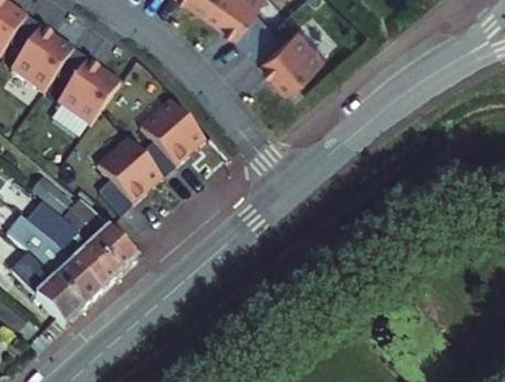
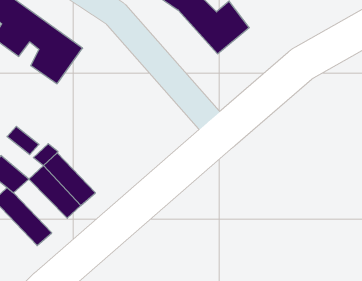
building: [98,103,206,217] -> none
building: [36,242,101,308] -> none

